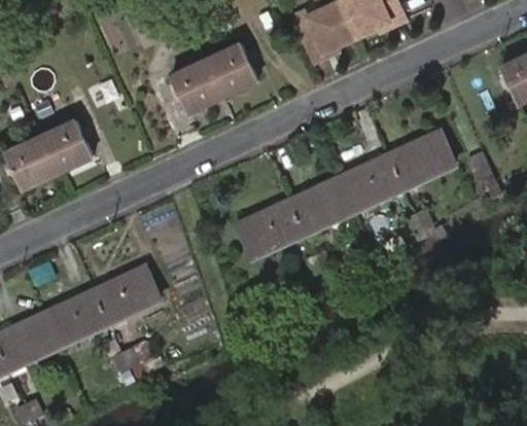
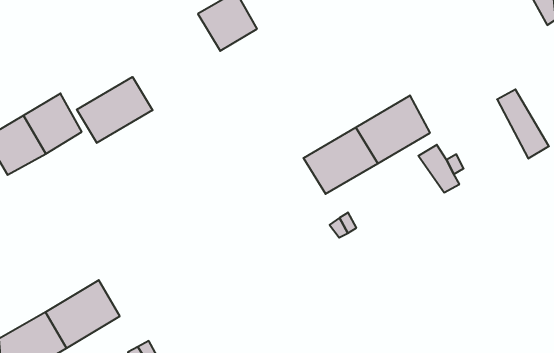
building: [171,61,223,112] -> none
building: none -> [77,77,153,143]
building: [389,129,455,187] -> none
building: [238,199,305,256] -> none
building: [95,267,160,323] -> none

